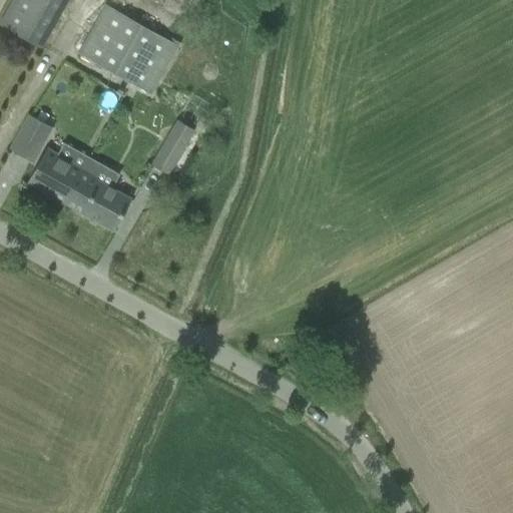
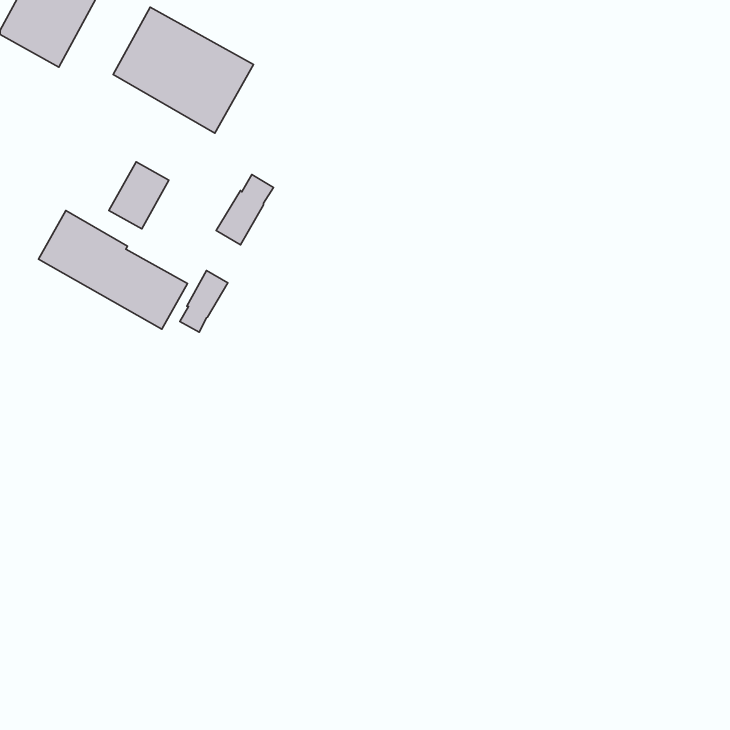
building: [10,114,52,161] -> [109,162,169,229]
building: none -> [180,271,228,332]

